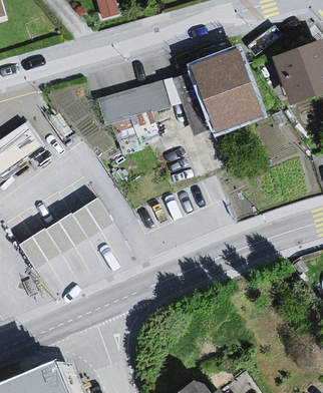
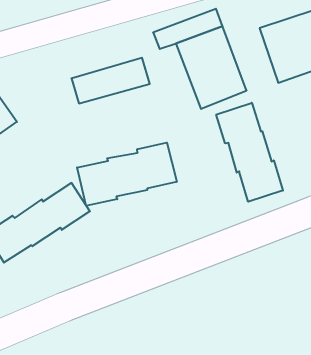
building: none -> [216,103,283,202]
building: none -> [77,143,177,206]

